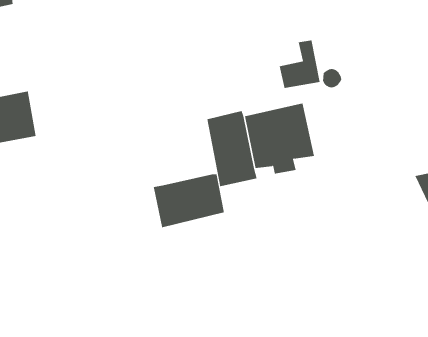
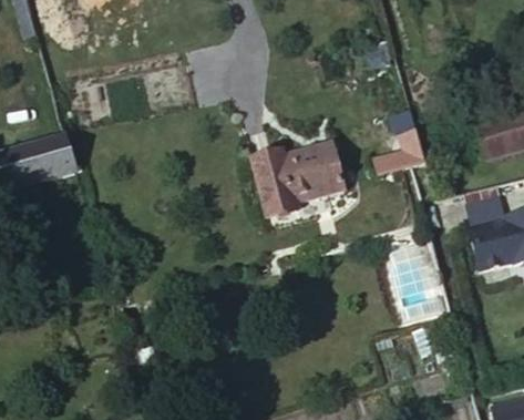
building: [279,40,320,88] -> [383,116,427,167]
building: [153,173,225,228] -> none

